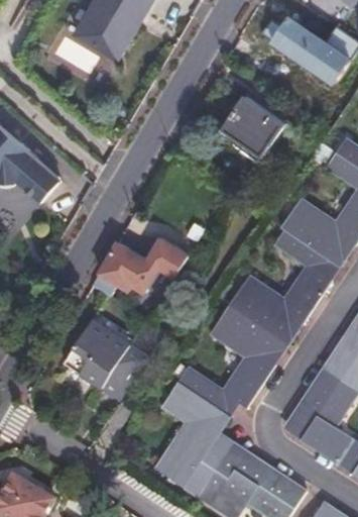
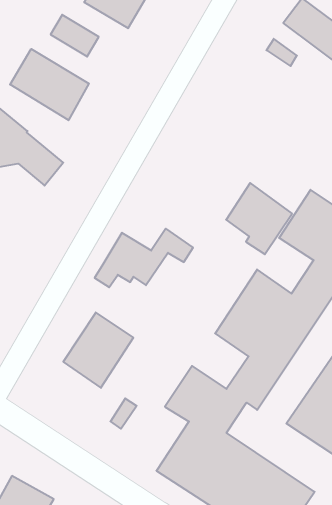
building: none -> [10,49,89,120]
building: [222,93,285,162] -> [226,183,292,254]
building: [99,341,150,402] -> none

